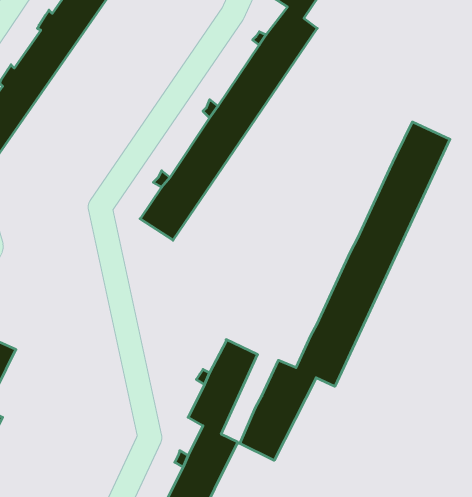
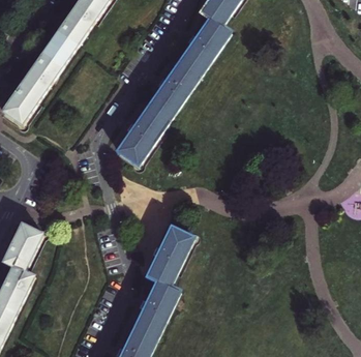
building: [239,122,450,460] -> none

